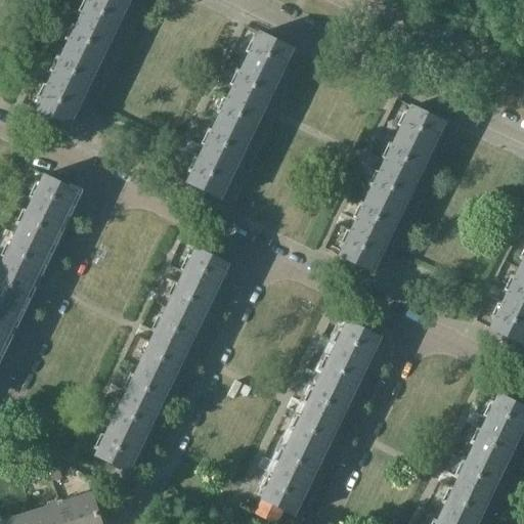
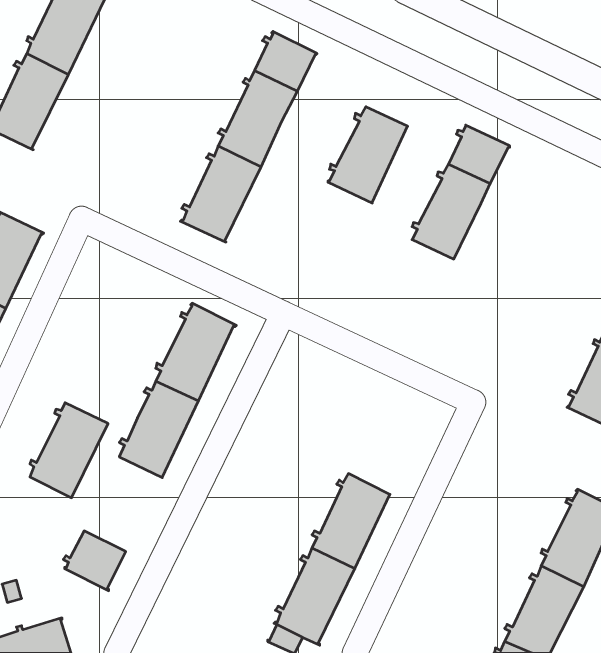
building: [339,196,401,272] -> [328,107,408,203]
building: [318,320,381,397] -> none
building: [111,367,172,442] -> [30,403,108,498]

